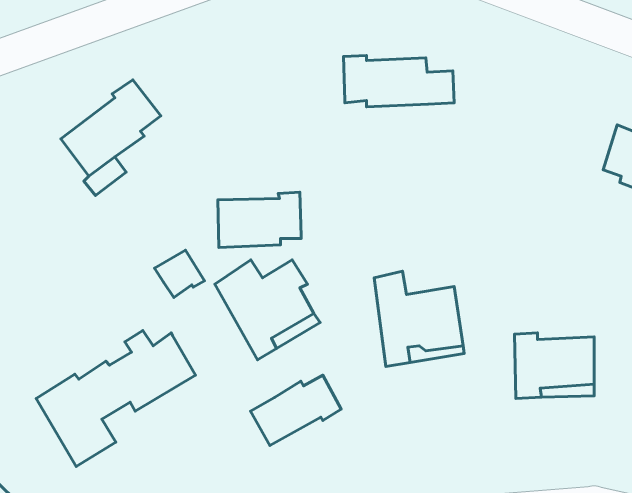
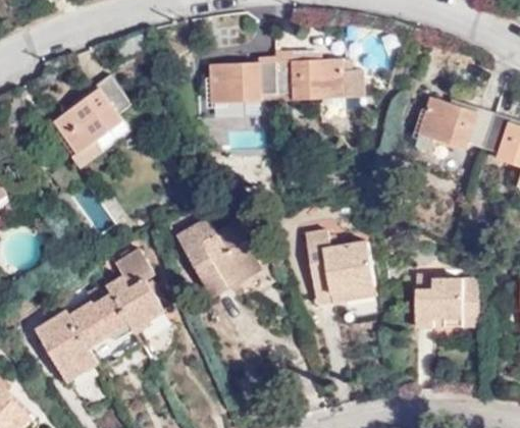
building: none -> [422,98,496,150]
building: [218,192,301,247] -> [213,58,279,102]
building: [155,250,205,298] -> [112,250,152,287]
building: [250,375,341,446] -> none

